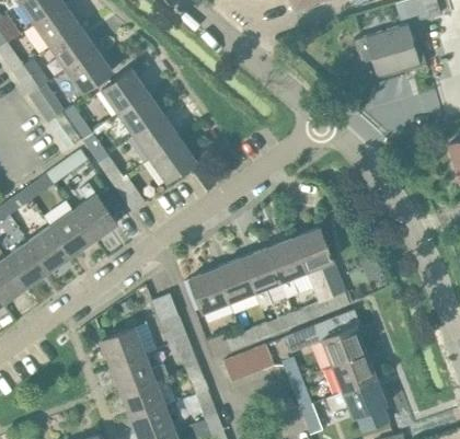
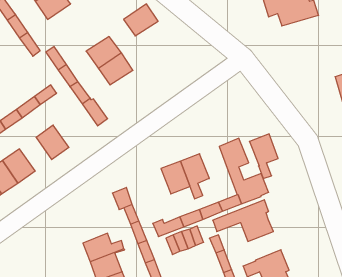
building: [65,48,112,93] -> none
building: [101,69,147,112] -> [124,4,158,36]
building: [148,137,196,182] -> none
building: [72,194,116,240] -> none
building: [27,227,70,272] -> none
building: [267,239,306,299] -> [249,134,278,179]
building: [187,268,229,313] -> none
building: [101,327,145,368] -> none
building: [332,353,376,391] -> none

